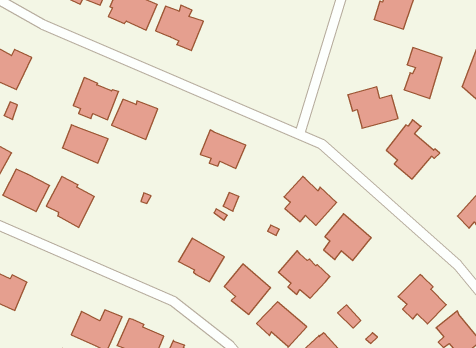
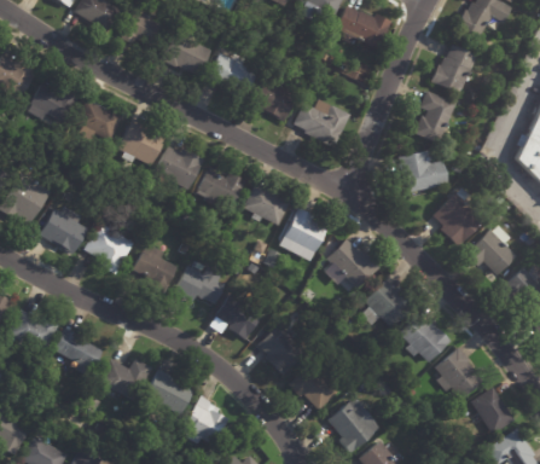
building: none -> [250,79,297,122]
building: none -> [295,100,350,149]
building: [404,48,442,99] -> [416,92,457,145]
building: none -> [198,169,246,207]
building: [62,125,108,163] -> [76,99,123,140]
building: none -> [284,208,327,256]
building: none -> [465,231,517,277]
building: none -> [134,243,178,286]
building: none -> [174,265,225,303]
building: [278,251,330,298] -> [399,312,451,361]
building: none -> [54,329,104,377]

